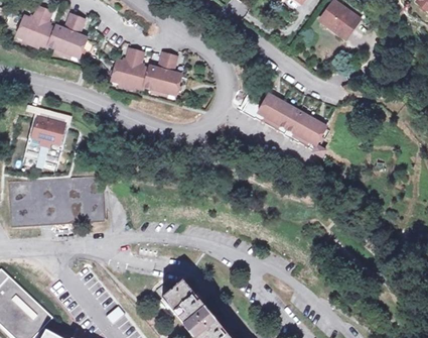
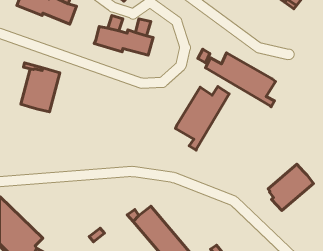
building: none -> [175,86,229,150]
building: [5,178,104,225] -> none
building: none -> [268,164,313,210]

